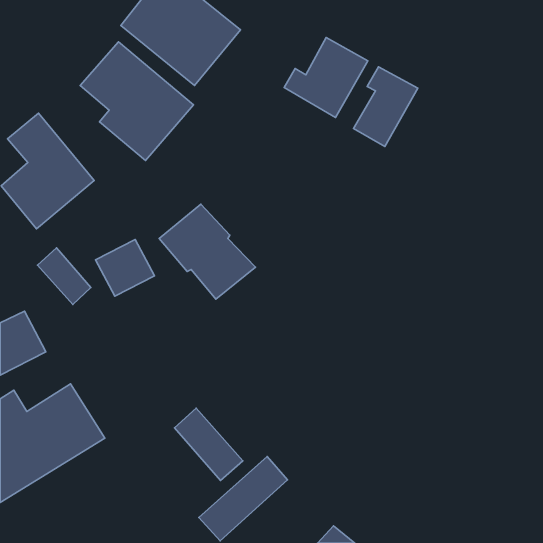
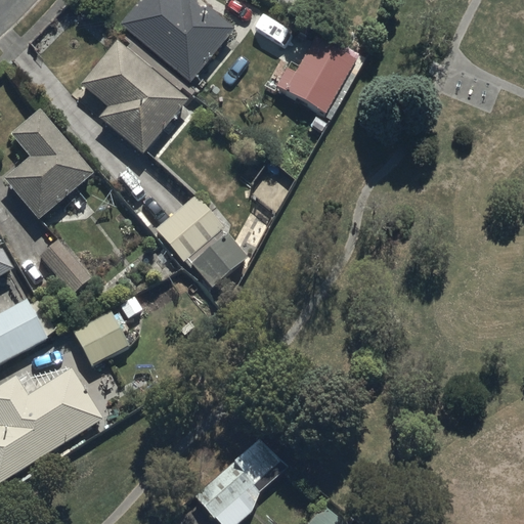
building: [353,67,418,146] -> none
building: [96,240,154,296] -> [73,310,129,364]
building: [175,408,243,480] -> none

